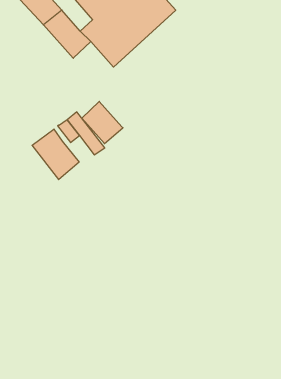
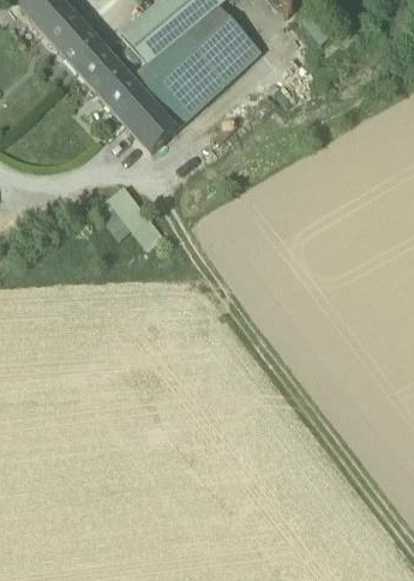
building: [82,101,123,144] -> [121,94,178,151]
building: [32,129,79,180] -> none

